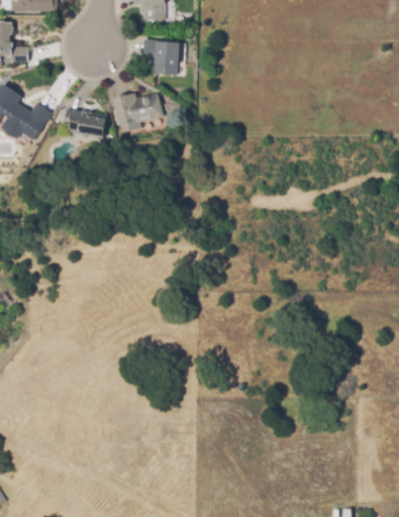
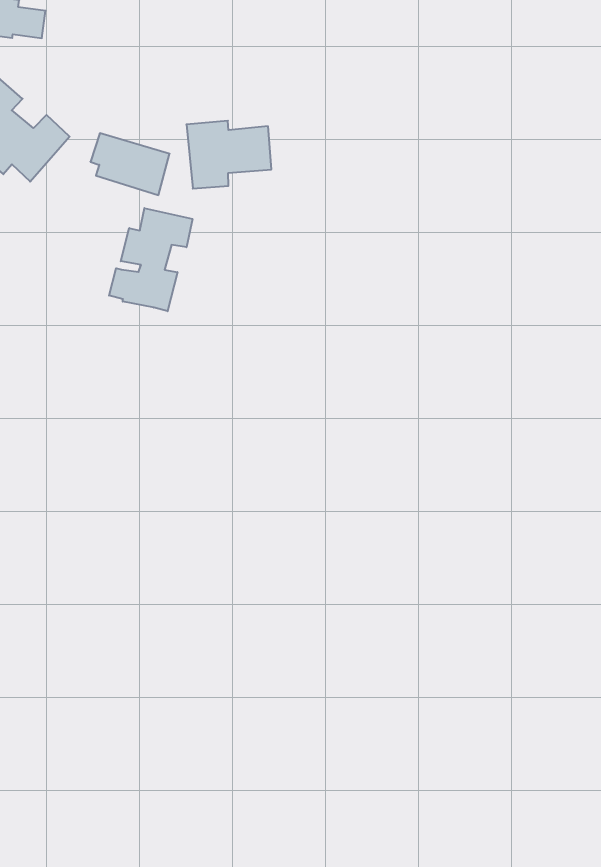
building: [142,38,180,76] -> none
building: none -> [109,208,192,311]

